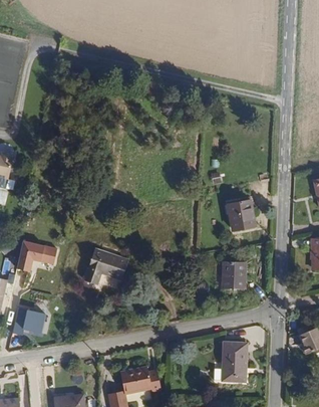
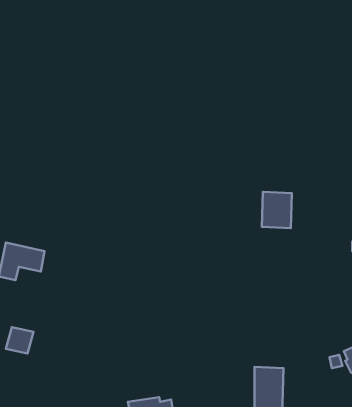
building: [80,247,125,283] -> none
building: [223,258,246,286] -> none

